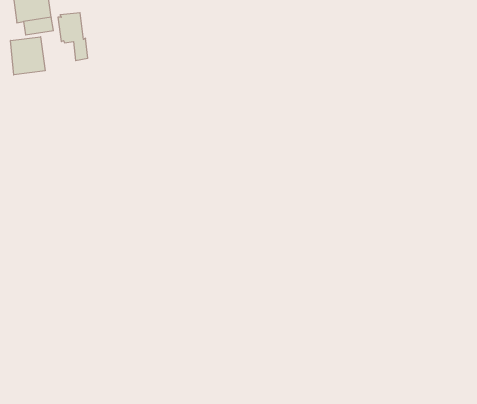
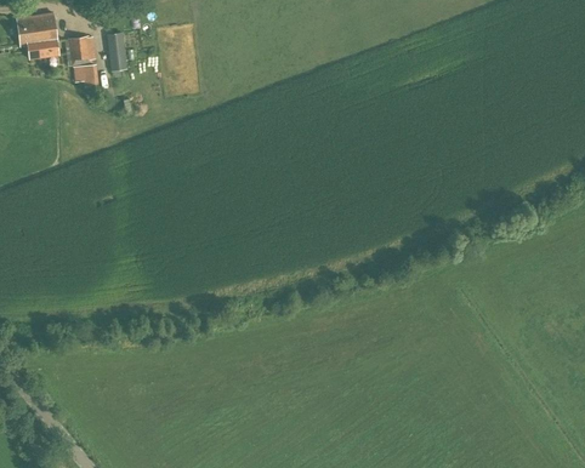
building: none -> [107,32,127,78]
building: [11,37,45,75] -> none

